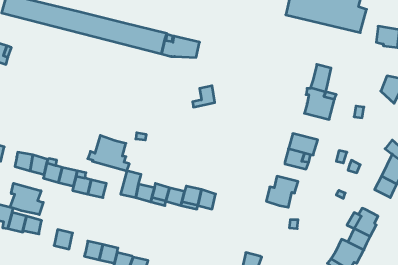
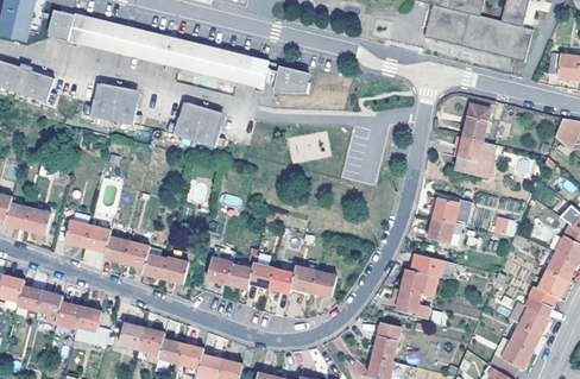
building: none -> [86,81,141,125]
building: [88,135,129,171] -> [169,100,225,147]
building: [10,183,43,215] -> none
building: none -> [532,270,567,305]
building: none -> [391,285,429,314]
building: none -> [373,318,402,359]
building: none -> [137,328,163,355]

